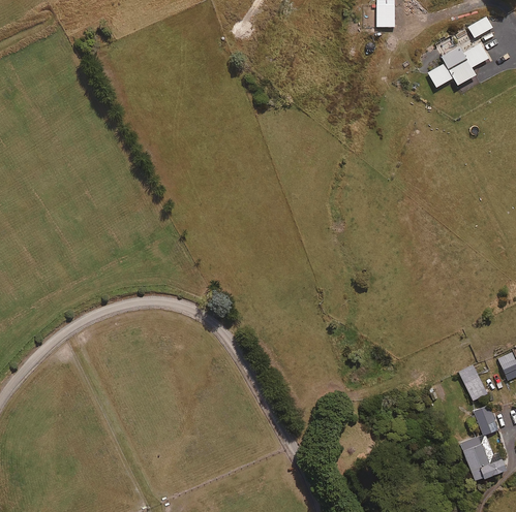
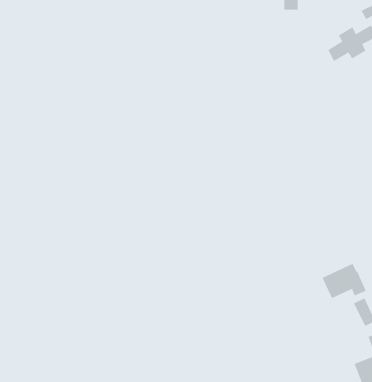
building: none -> [321,263,367,299]

